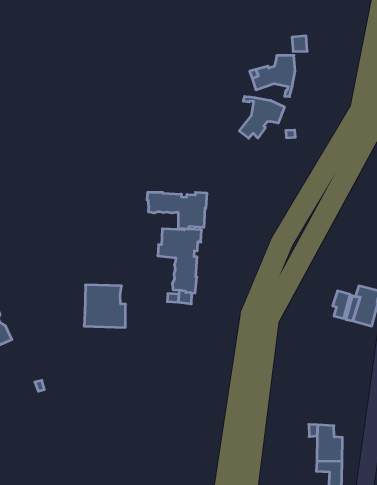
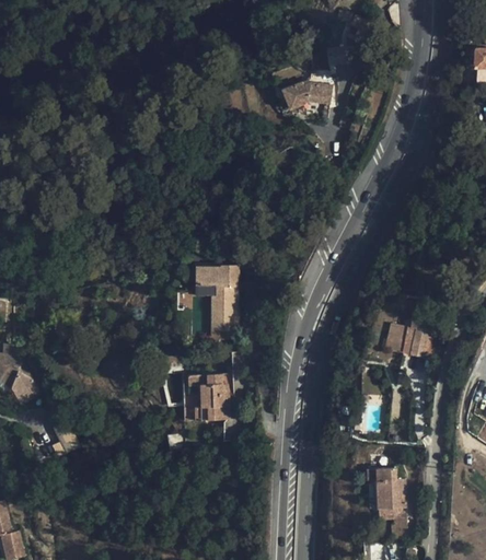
building: [239,96,284,138] -> none
building: [147,192,207,229] -> none
building: [84,285,126,327] -> [182,374,228,420]

